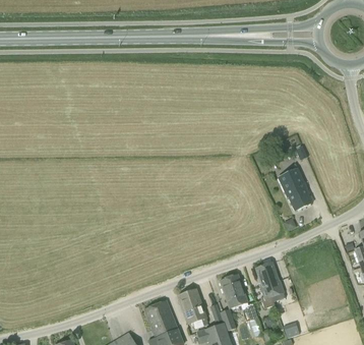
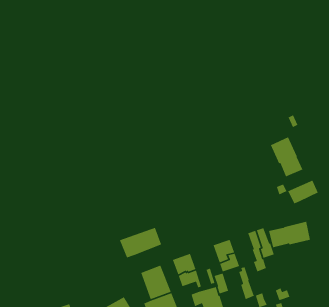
building: none -> [287,180,319,205]
building: none -> [268,221,311,248]
building: none -> [119,227,162,259]

